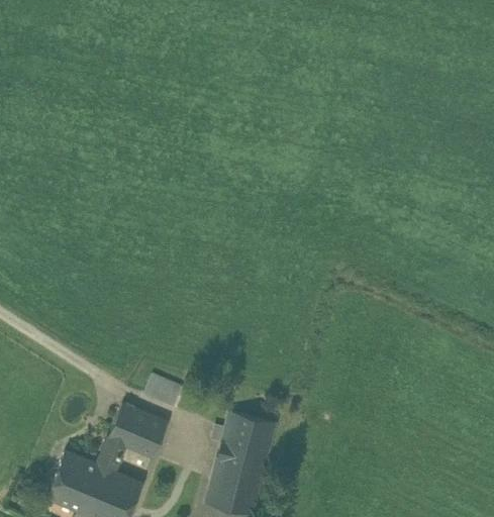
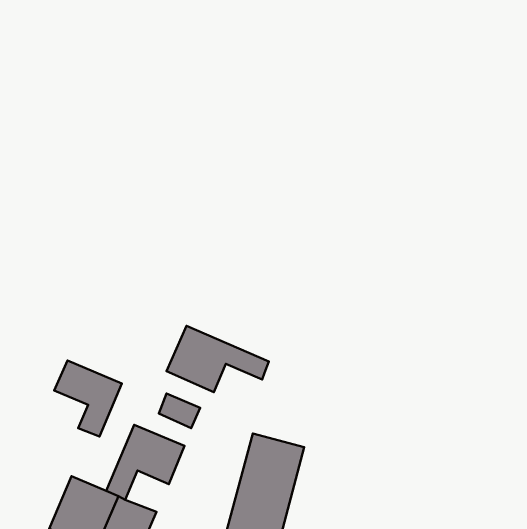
building: none -> [167,326,269,392]
building: none -> [54,360,122,437]

